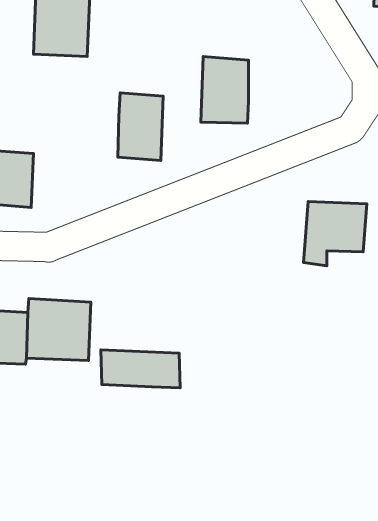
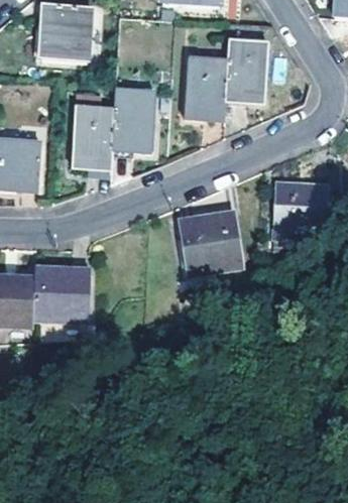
building: none -> [226,40,266,99]
building: none -> [72,109,114,166]
building: none -> [180,213,241,273]
building: [101,350,180,388] -> none

